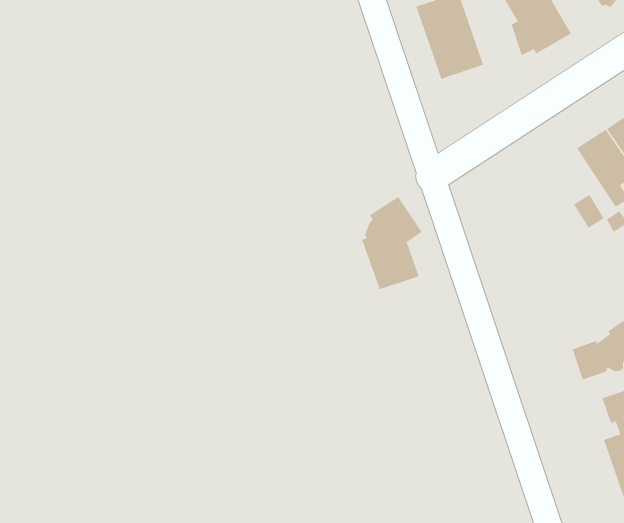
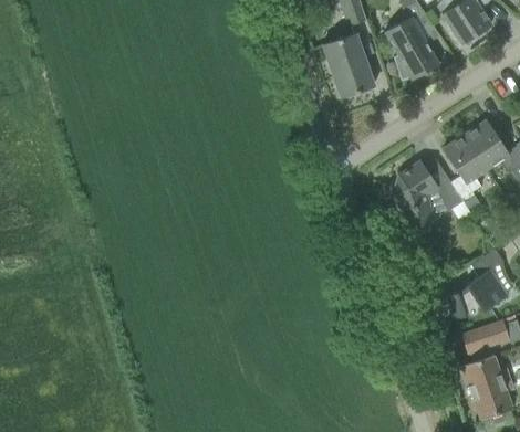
building: [361,196,422,290] -> [393,160,438,230]

